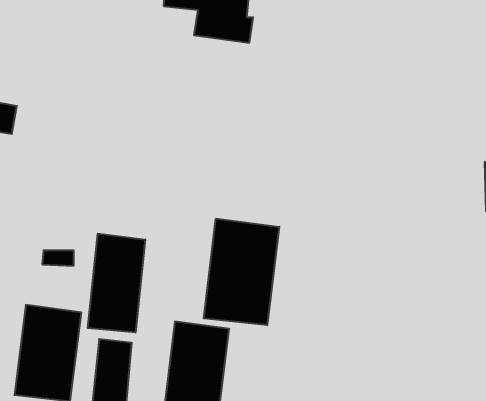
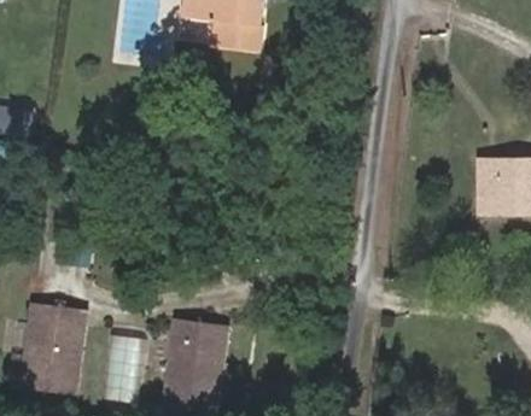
building: [204,219,279,325] -> none
building: [88,234,145,333] -> none

